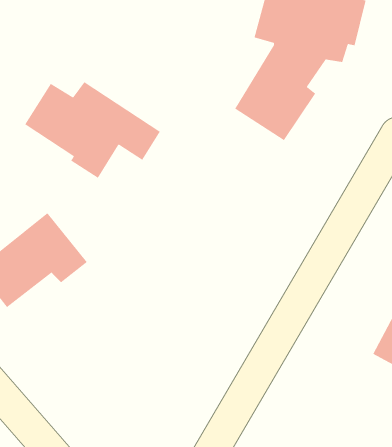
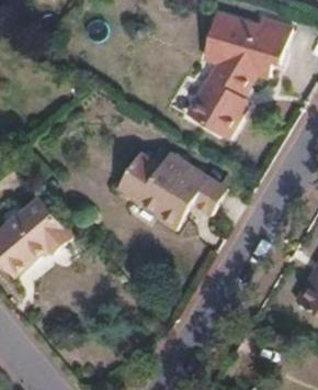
building: [24,81,161,179] -> [121,146,228,223]

